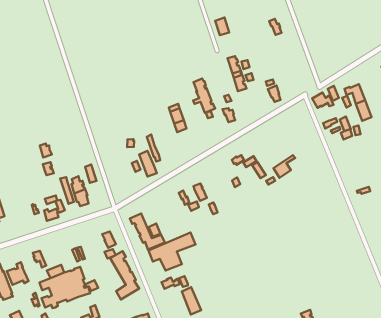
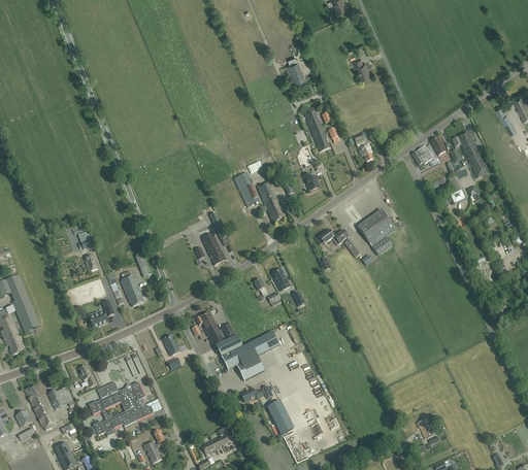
building: [193,79,215,113] -> [257,180,286,223]
building: none -> [358,209,393,244]
building: [110,251,139,300] -> none

